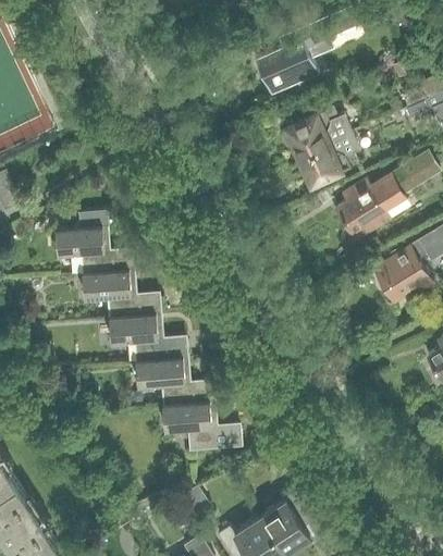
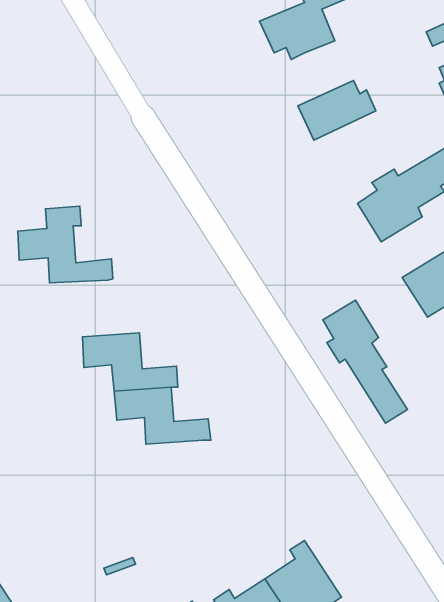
building: [299,132,359,183] -> none
building: [82,271,161,318] -> none
building: none -> [323,300,408,423]
building: [161,403,241,452] -> none

